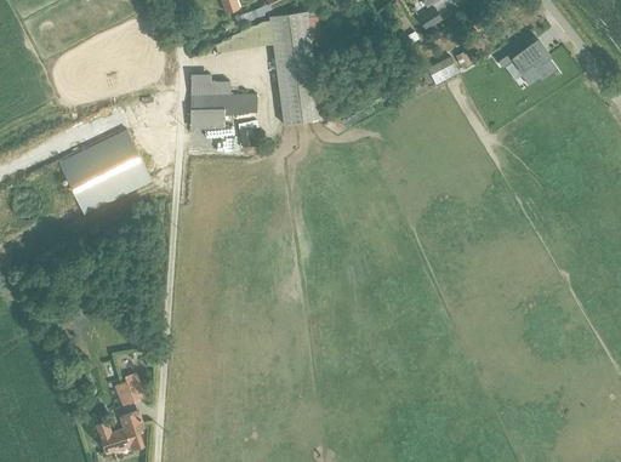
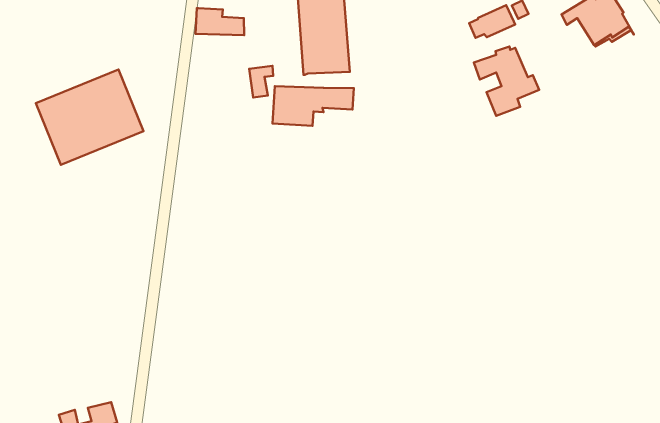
building: none -> [474,46,539,116]
building: [190,92,257,126] -> [273,86,354,126]
building: [114,371,144,405] -> none

